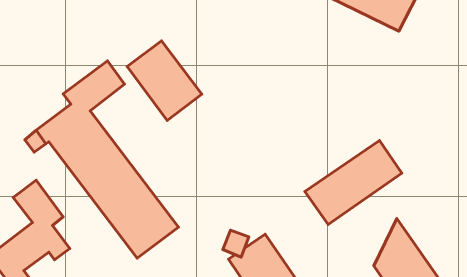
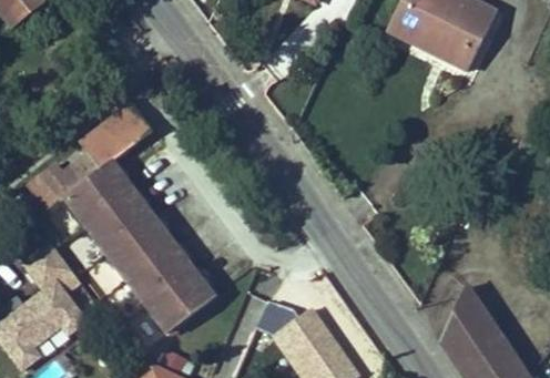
building: [127,41,202,120] -> none
building: [305,141,402,224] -> none

